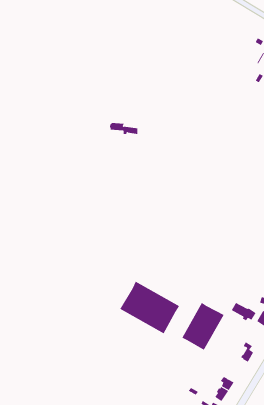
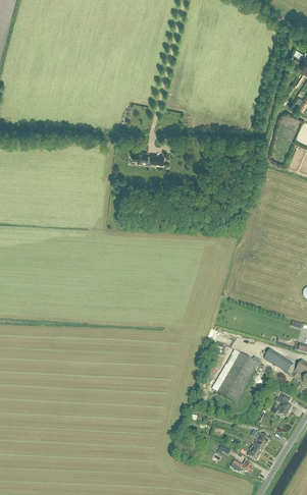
building: [119,281,180,334] -> none

